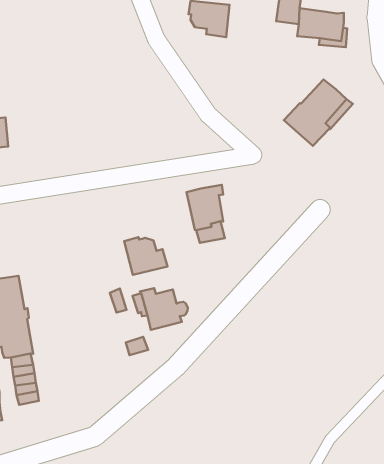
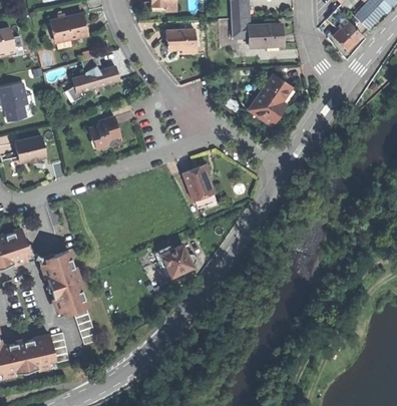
building: none -> [72,56,117,99]
building: none -> [89,116,122,148]
building: [124,237,168,275] -> none

